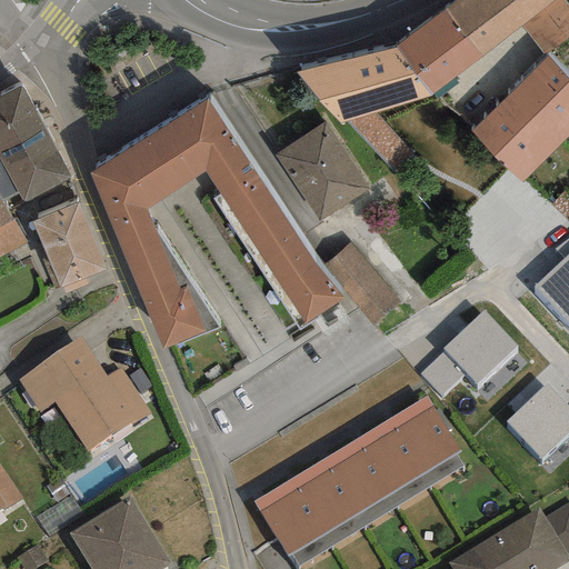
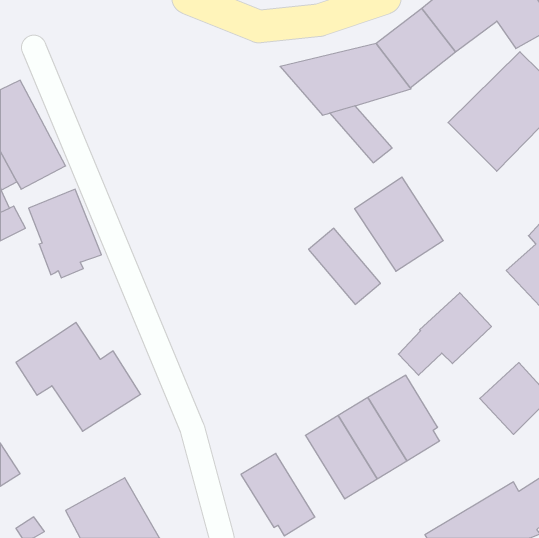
building: [89,98,342,349] -> none
building: [276,120,369,219] -> [355,177,443,271]
building: [291,458,363,543] -> none

